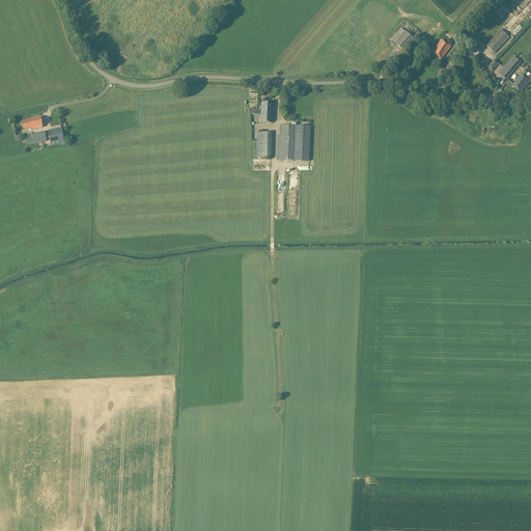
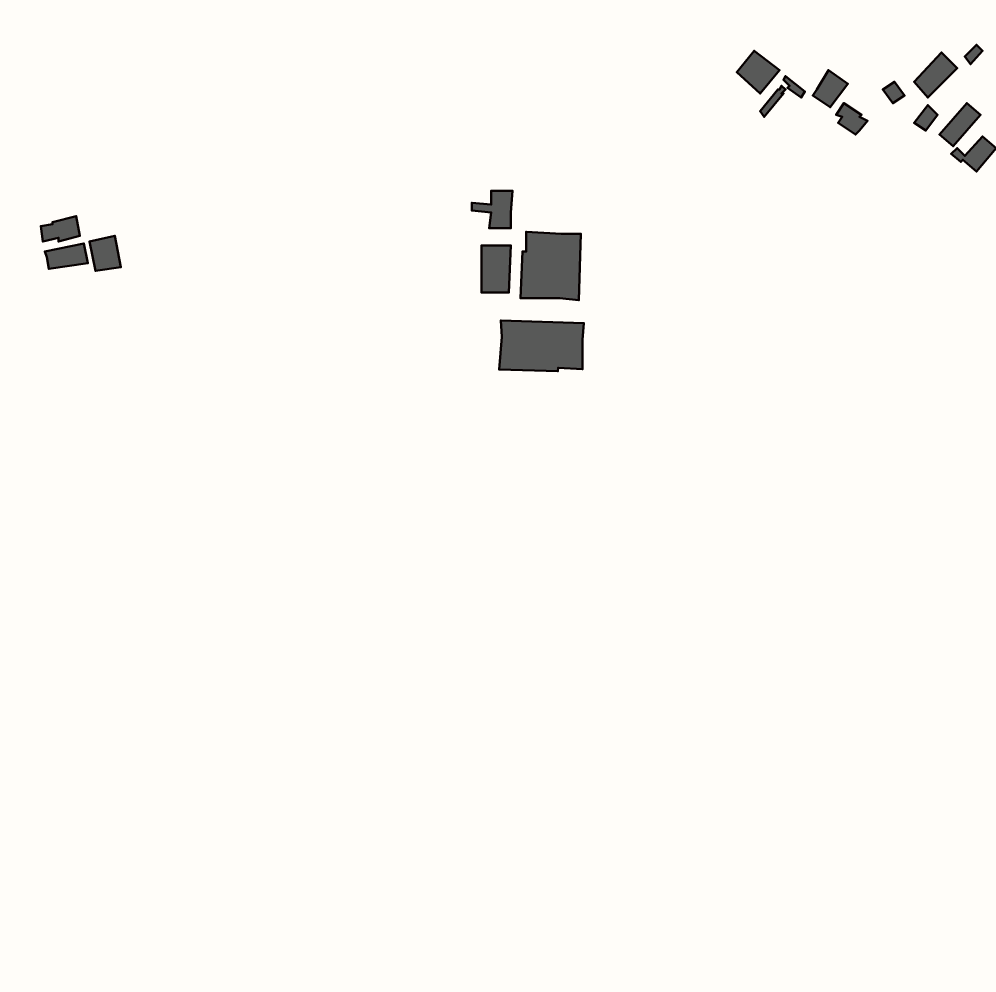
building: none -> [499,320,584,371]

